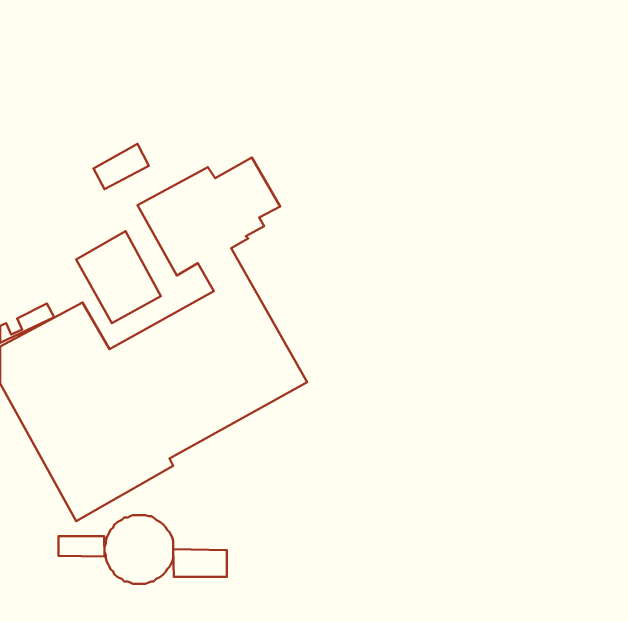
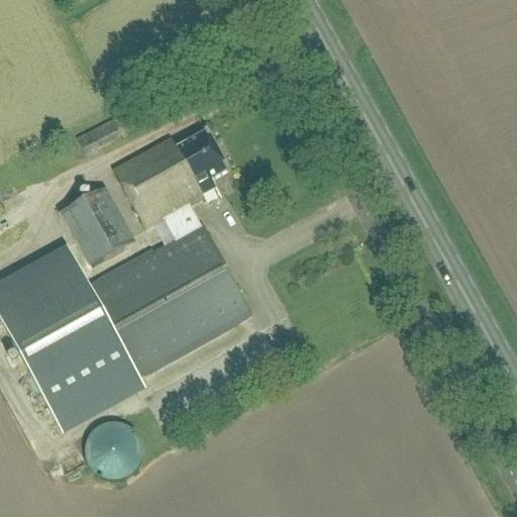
building: [58,536,105,557] -> none
building: [173,549,227,577] -> none

